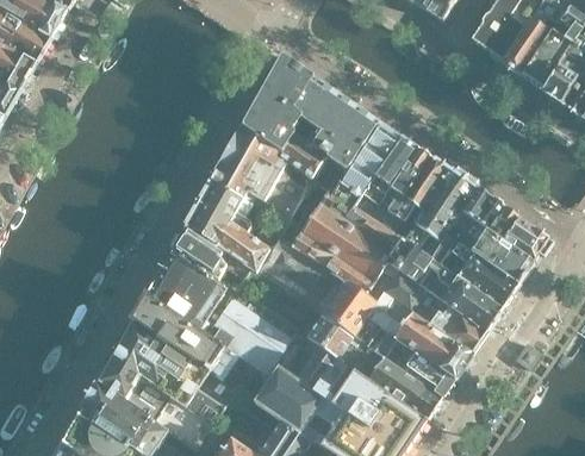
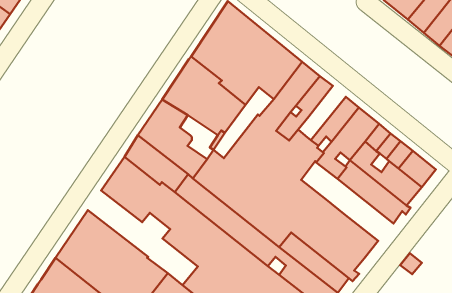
building: [387,146,432,214] -> none
building: [386,239,505,330] -> none
building: [131,294,232,370] -> none

